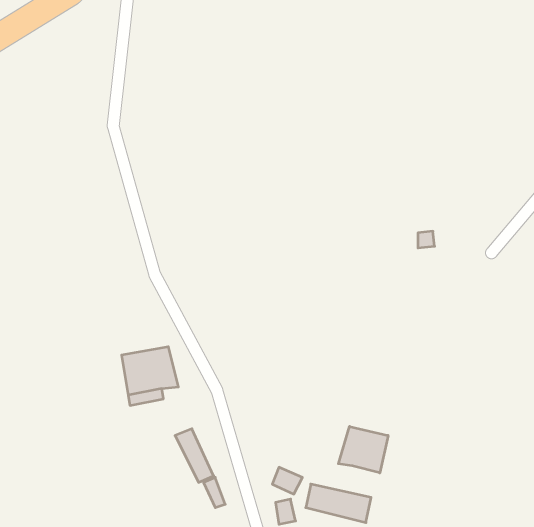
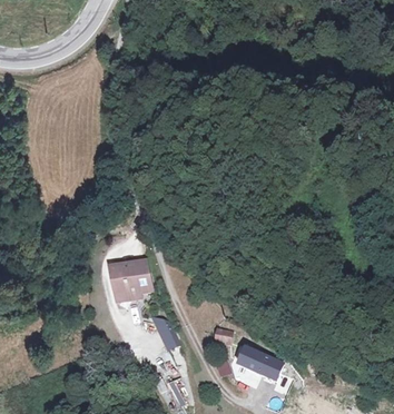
building: [338,426,388,473] -> none

